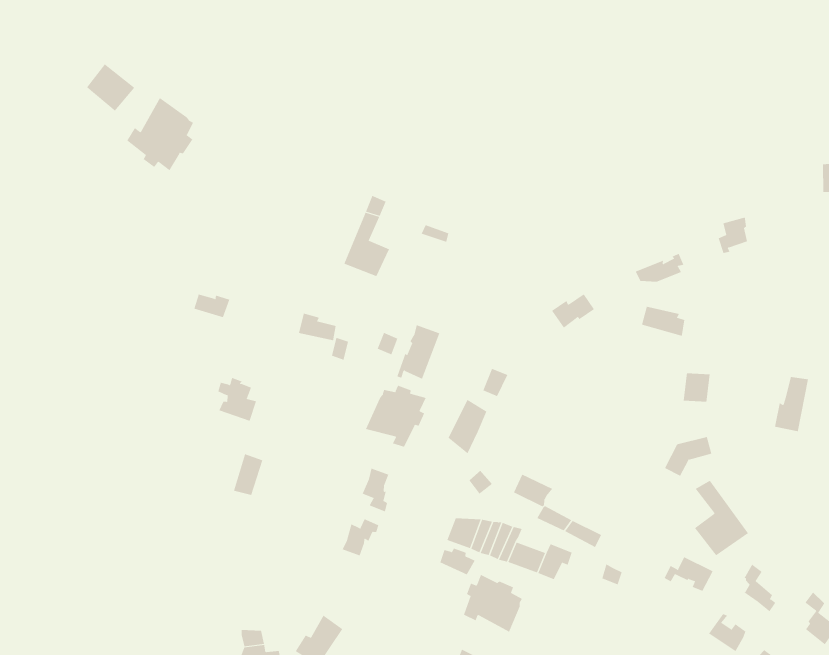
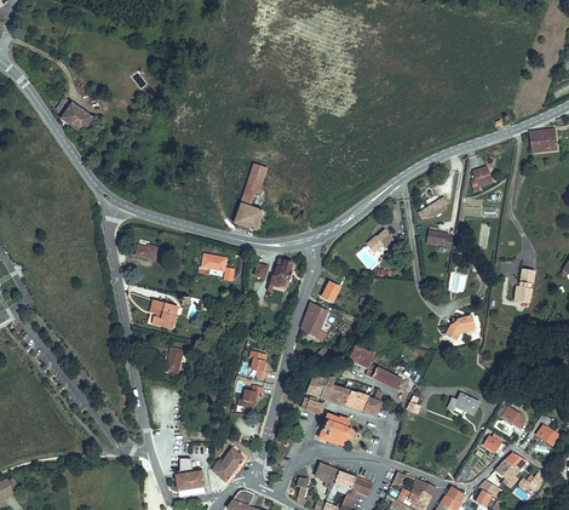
building: [127,97,194,171] -> none
building: [365,385,426,448] -> none
building: [694,480,749,556] -> none

